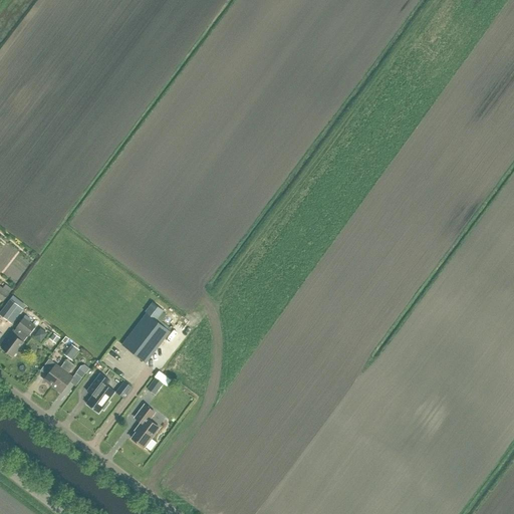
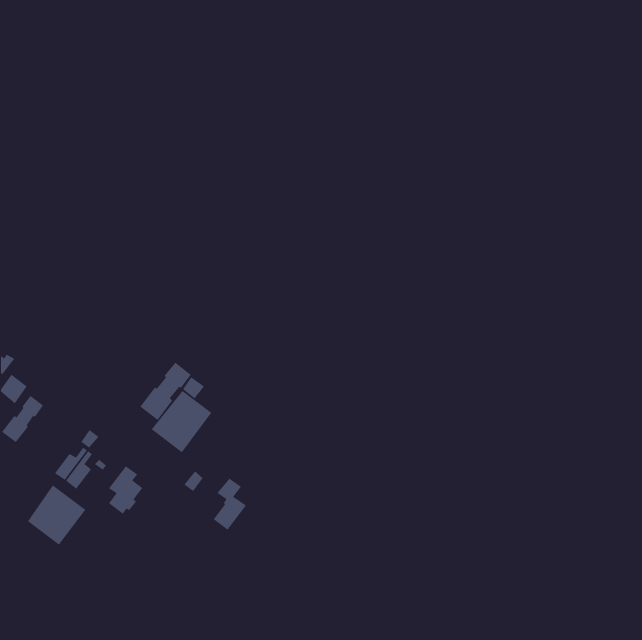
building: none -> [140,362,192,421]
building: none -> [27,484,86,545]
building: [132,404,159,446] -> [213,478,247,531]

